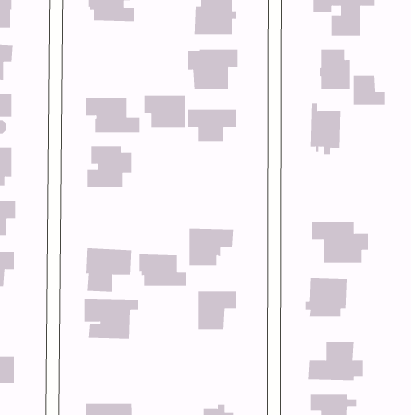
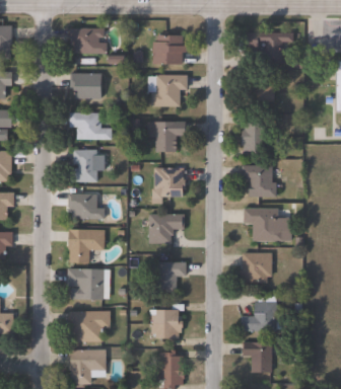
building: [353,75,385,106] -> none
building: [144,95,186,128] -> [69,73,101,98]
building: none -> [242,165,276,197]
building: none -> [151,167,186,199]
building: [138,253,187,286] -> [67,193,105,219]
building: none -> [151,304,184,339]
building: none -> [68,311,110,342]

